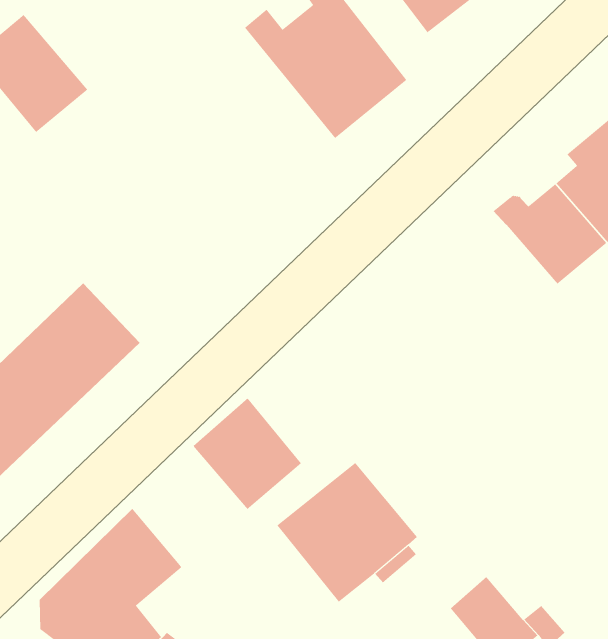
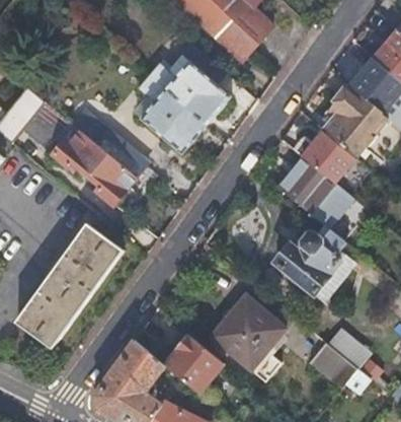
building: none -> [134,76,206,153]
building: none -> [52,132,135,206]
building: none -> [277,155,347,222]
building: none -> [274,228,346,294]
building: [193,397,302,510] -> [164,333,223,392]

